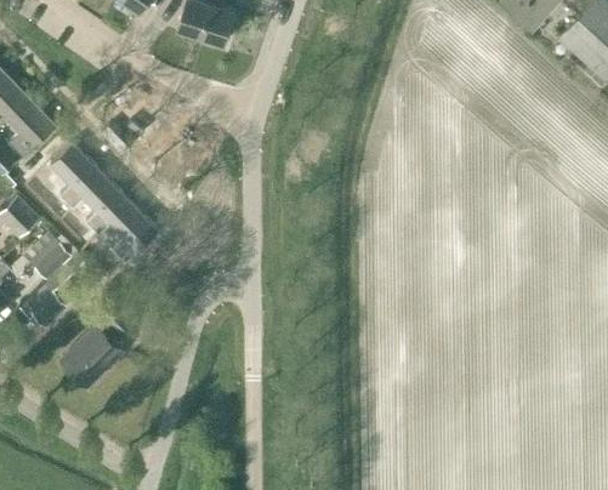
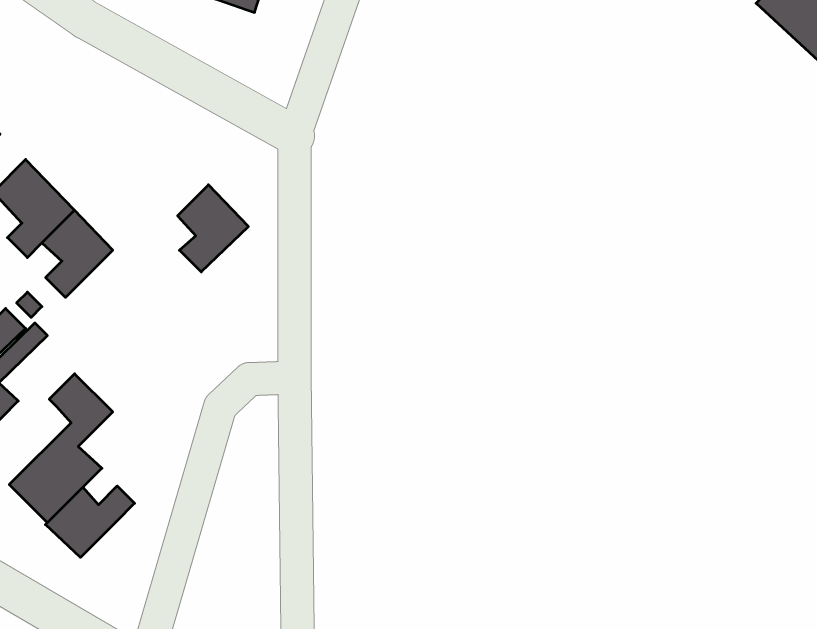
building: [108,204,155,262] -> [178,185,248,272]
building: none -> [45,486,135,557]

